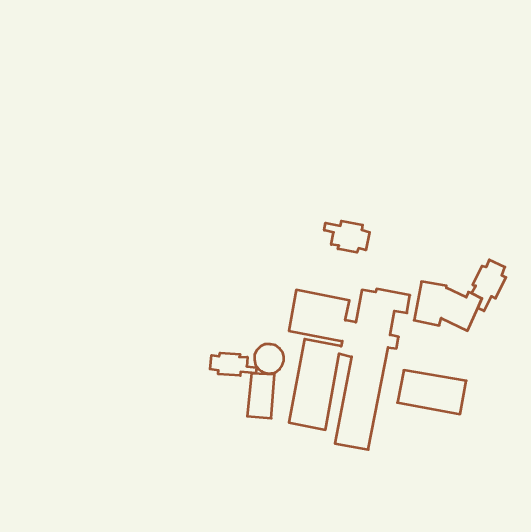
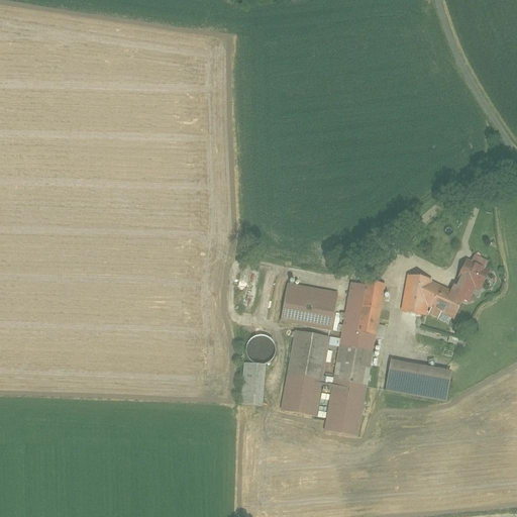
building: [324,221,370,252] -> none
building: [210,353,256,376] -> none

